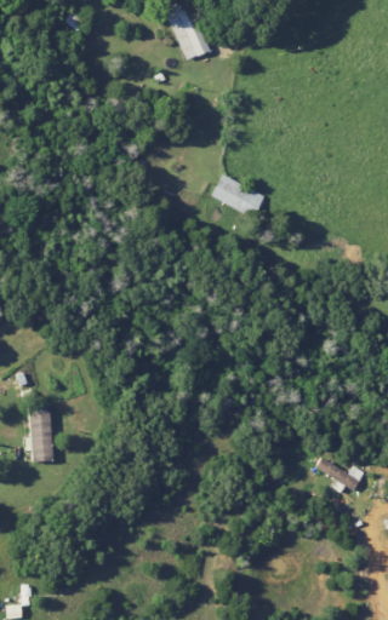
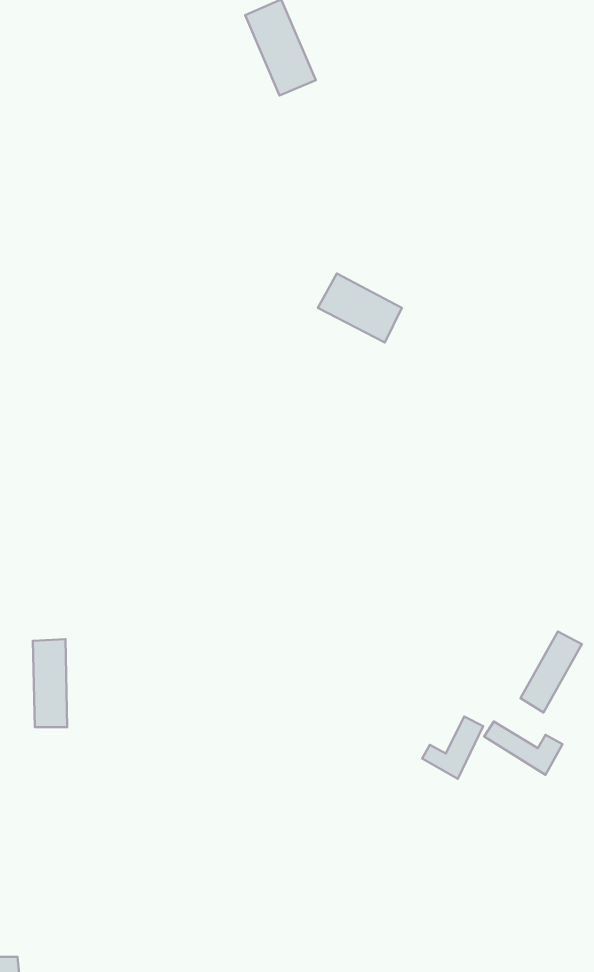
building: none -> [520,632,582,712]
building: none -> [422,716,483,779]

